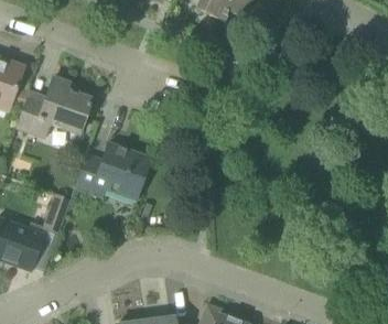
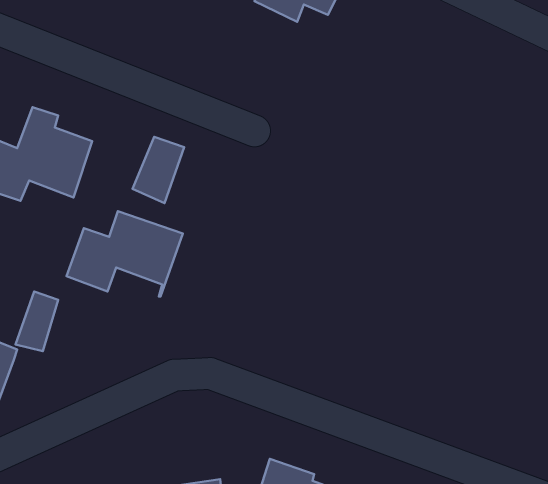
building: none -> [132,137,184,203]

